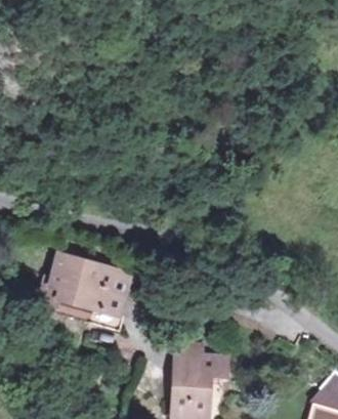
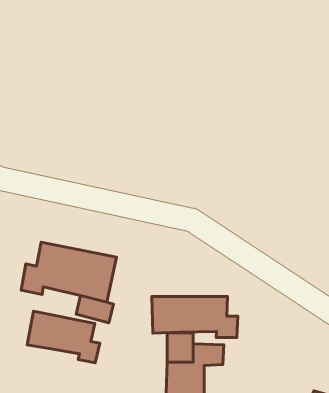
building: none -> [152,297,238,338]
building: none -> [27,311,100,363]

